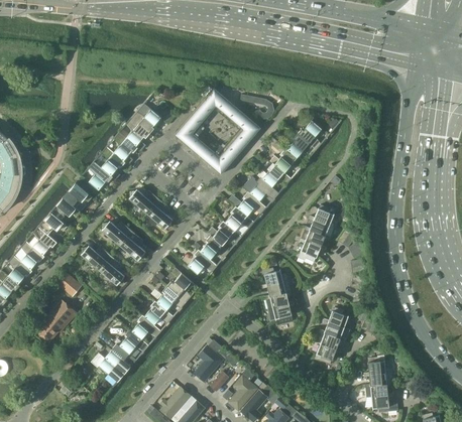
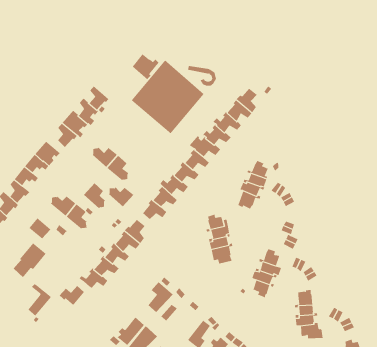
building: [131,103,163,134] -> [132,53,160,80]
building: [102,221,132,245] -> [108,186,134,207]
building: [108,343,136,382] -> [28,283,52,316]
building: [228,376,258,412] -> none

